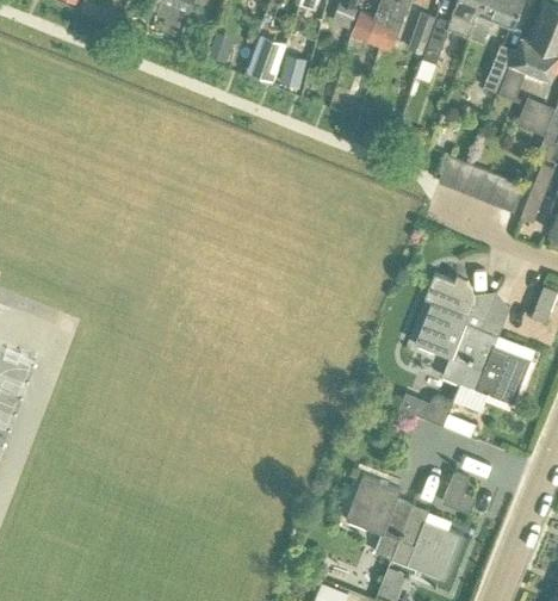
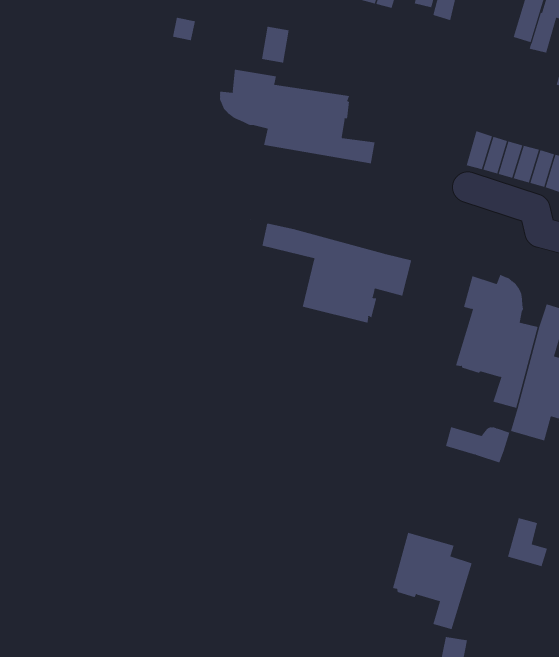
building: [248,36,284,80] -> none
building: none -> [220,69,375,164]
building: none -> [249,219,412,324]
building: [391,504,461,578] -> none

